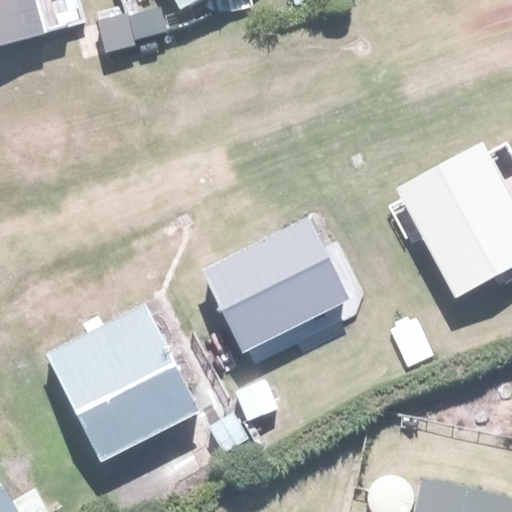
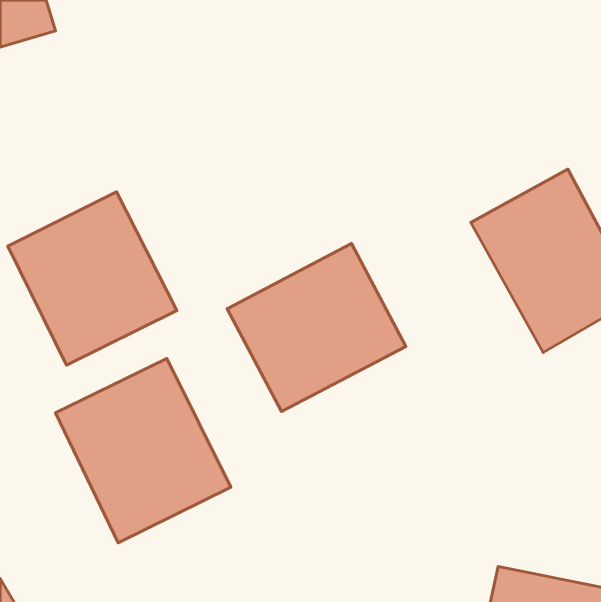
building: none -> [8,192,177,365]

